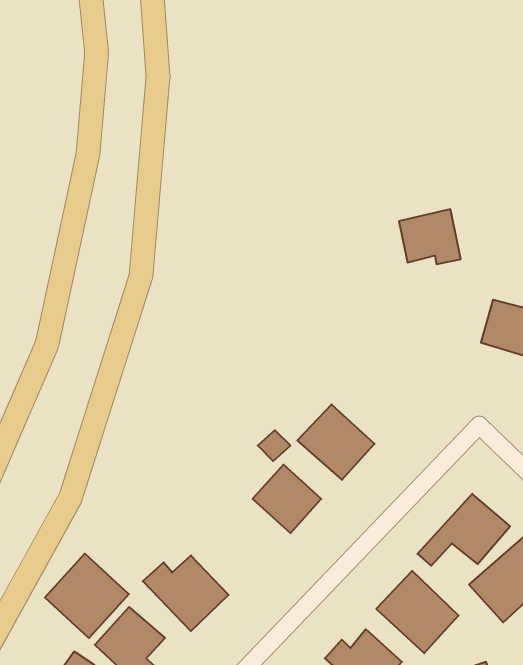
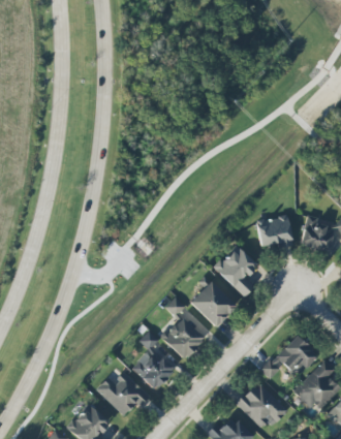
building: [399,209,461,264] -> [257,215,294,248]
building: none -> [216,246,257,296]
building: none -> [132,330,175,389]
building: [45,554,129,638] -> none

